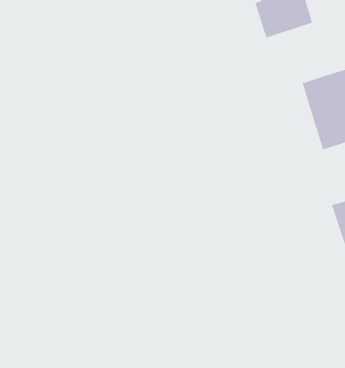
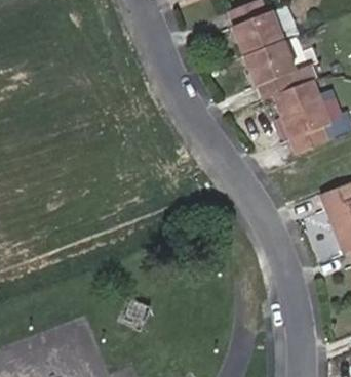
building: none -> [244,38,298,96]

